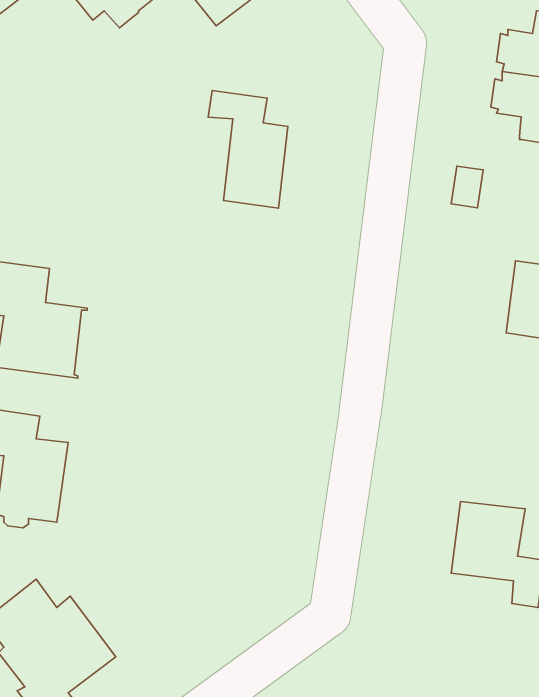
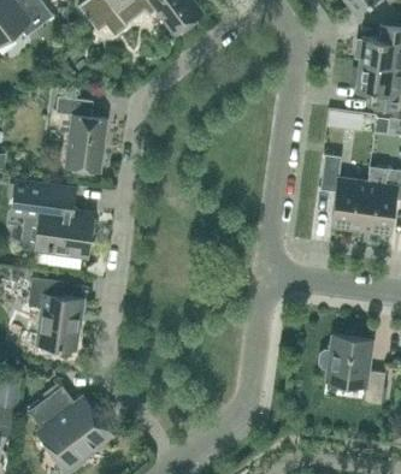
building: [208,91,288,208] -> [55,96,106,171]
building: none -> [320,154,366,229]

